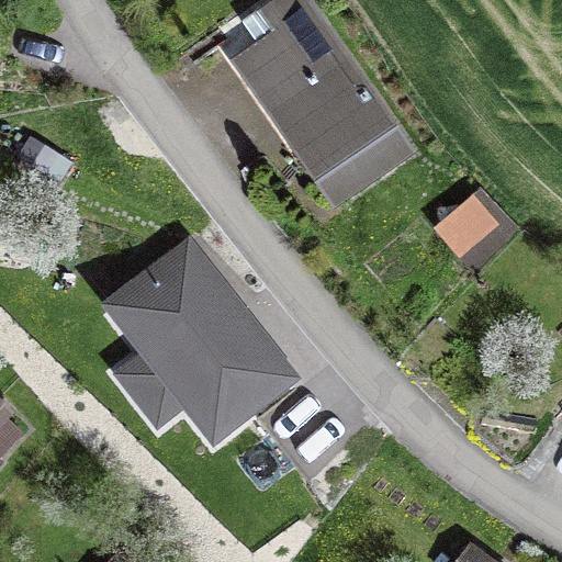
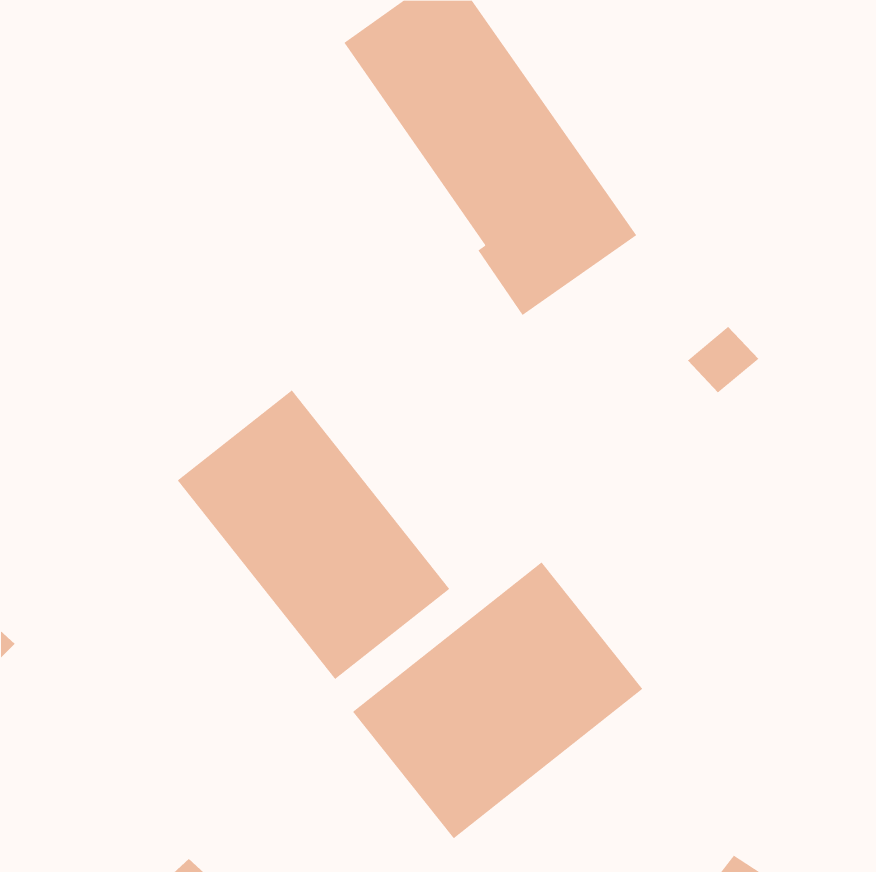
building: none -> [352,562,643,839]

